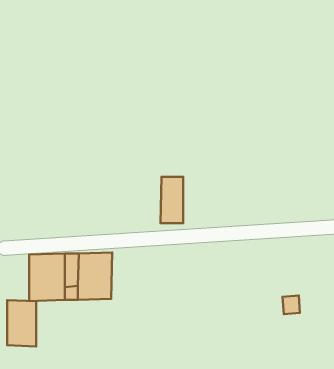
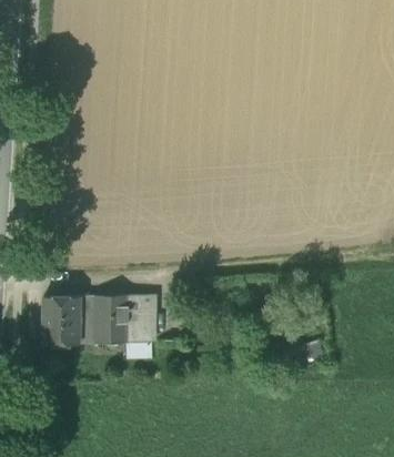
building: [160,177,183,223] -> [128,295,151,343]
building: [7,300,36,346] -> none

